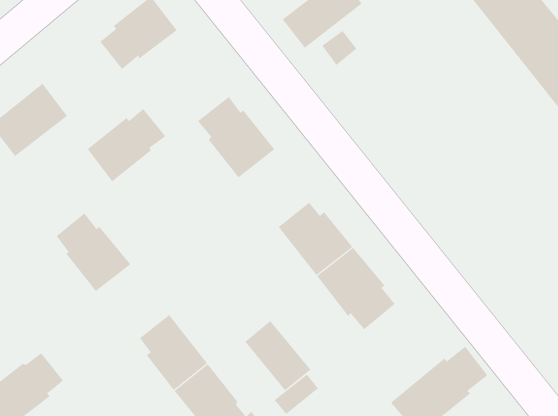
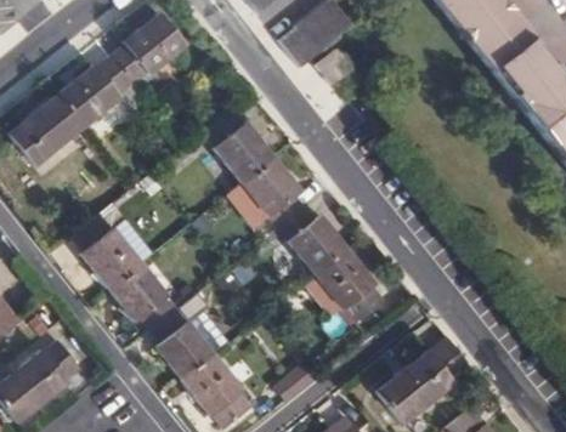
building: [87,108,166,182] -> [60,58,132,126]
building: none -> [239,157,305,228]
building: none -> [108,262,176,330]
building: [245,320,311,391] -> none

